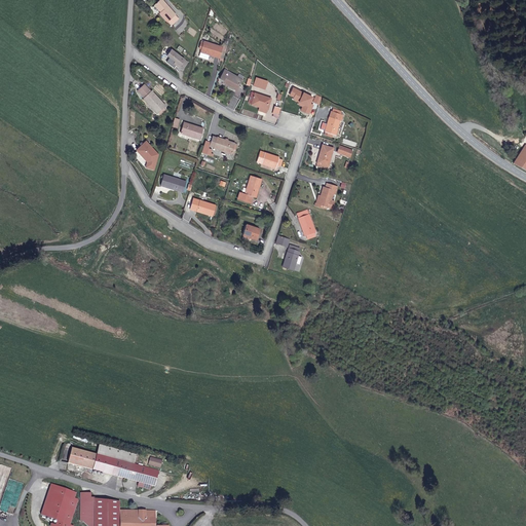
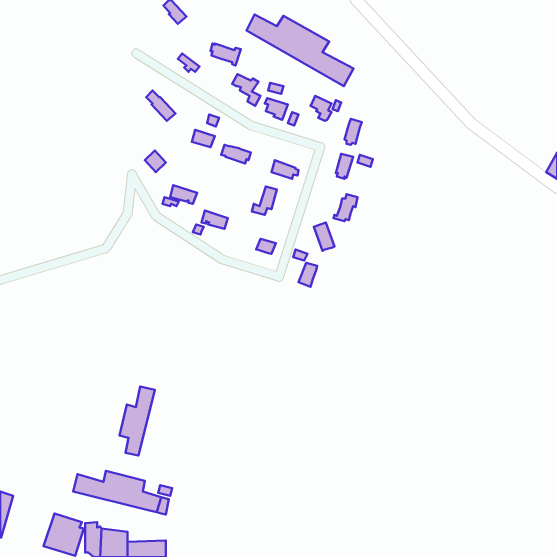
building: none -> [246,15,354,86]
building: none -> [119,386,155,456]

